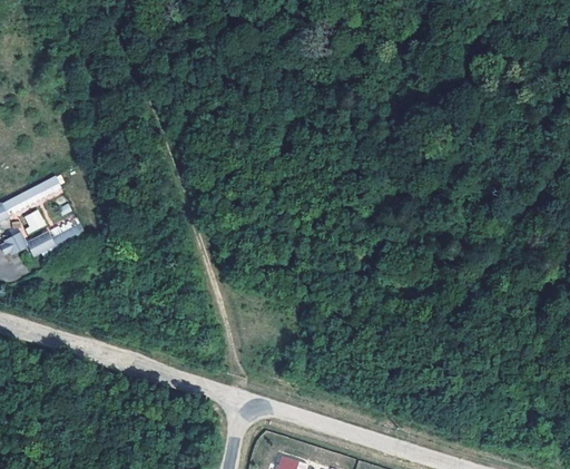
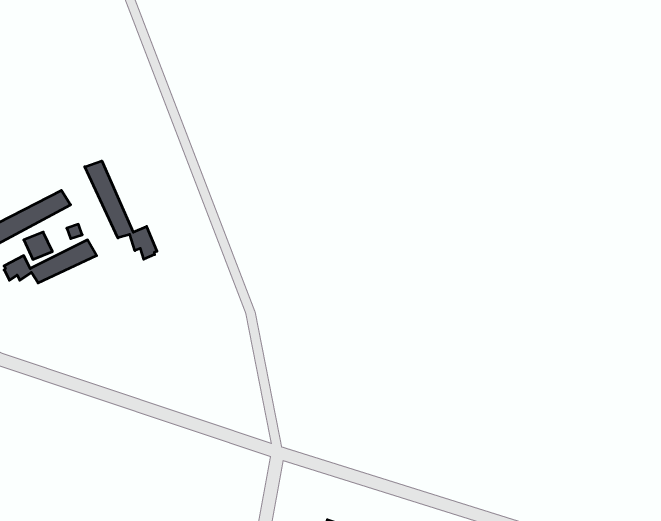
building: none -> [85,161,157,259]

